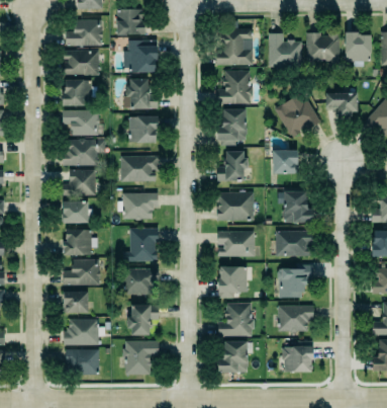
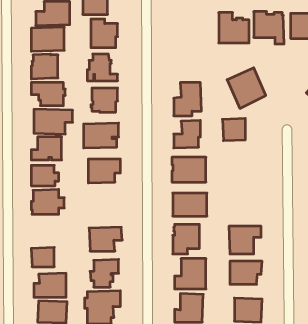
building: [217,25,255,66] -> none
building: [218,71,253,103] -> none
building: [327,93,359,115] -> none
building: [282,191,312,221] -> none
building: [122,227,158,260] -> none
building: [275,230,312,255] -> none
building: [63,258,100,284] -> none

